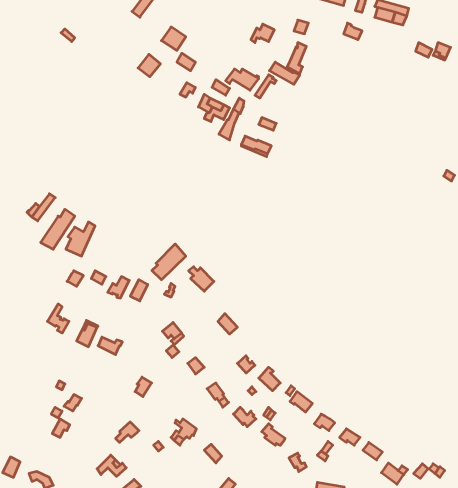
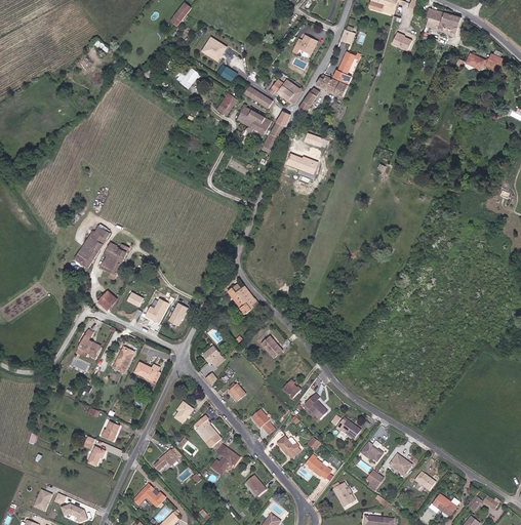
building: [152,244,186,280] -> none
building: none -> [197,414,222,449]

